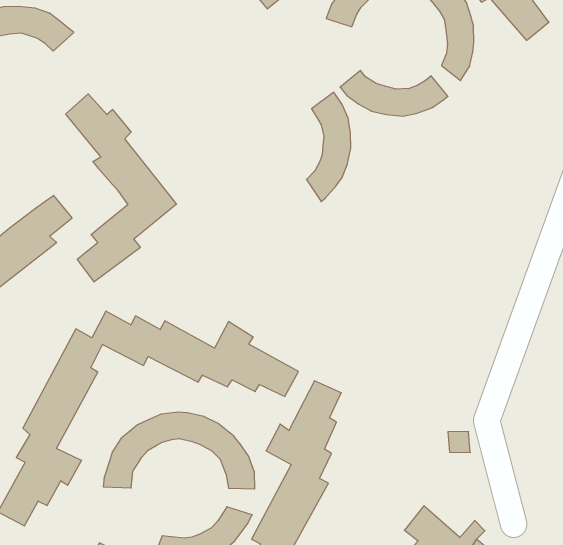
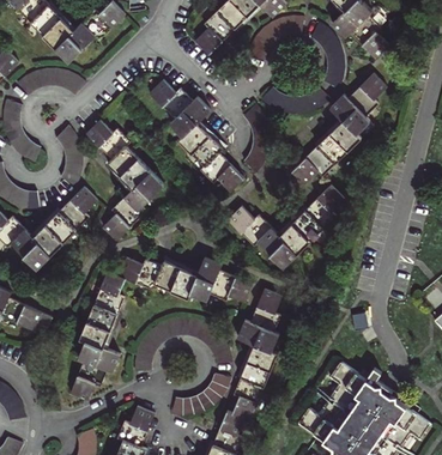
building: none -> [149,80,243,192]
building: none -> [292,73,387,184]
building: none -> [57,123,83,187]
building: none -> [228,184,344,267]

